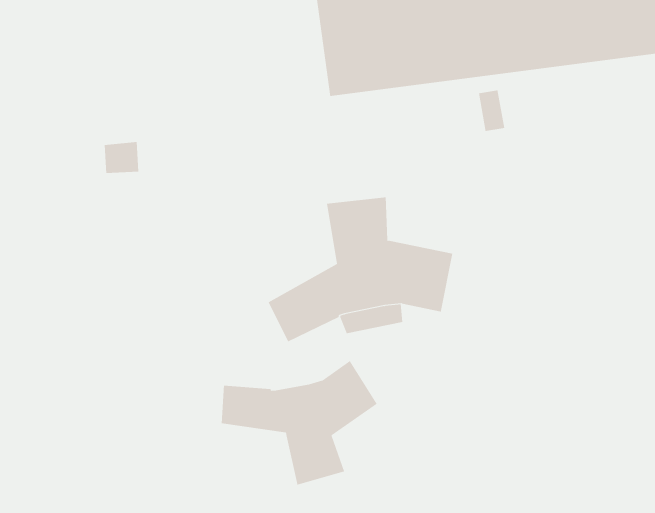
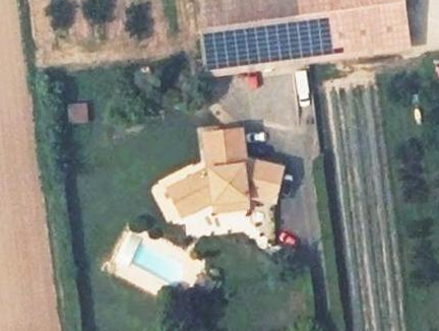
building: [221,360,378,486] -> none

